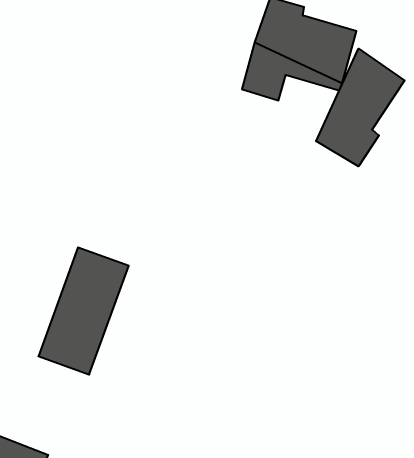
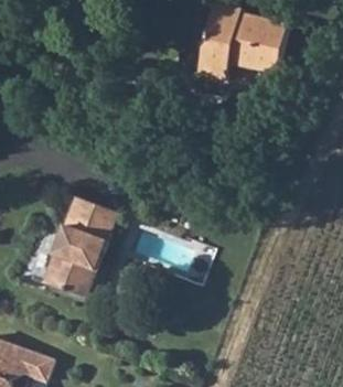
building: [316,49,405,166] -> none

